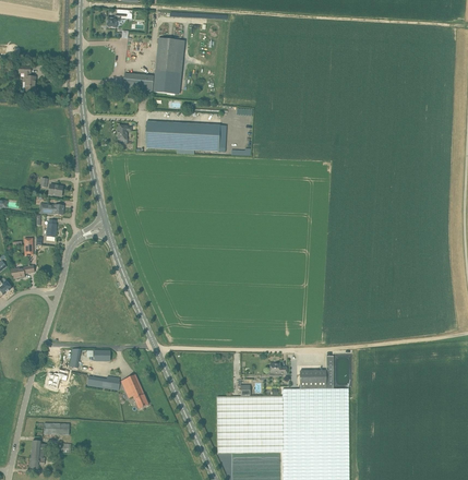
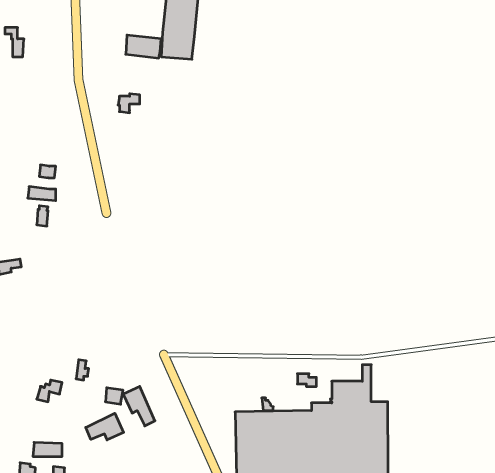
building: [144,121,225,154] -> none
building: none -> [86,413,124,440]

